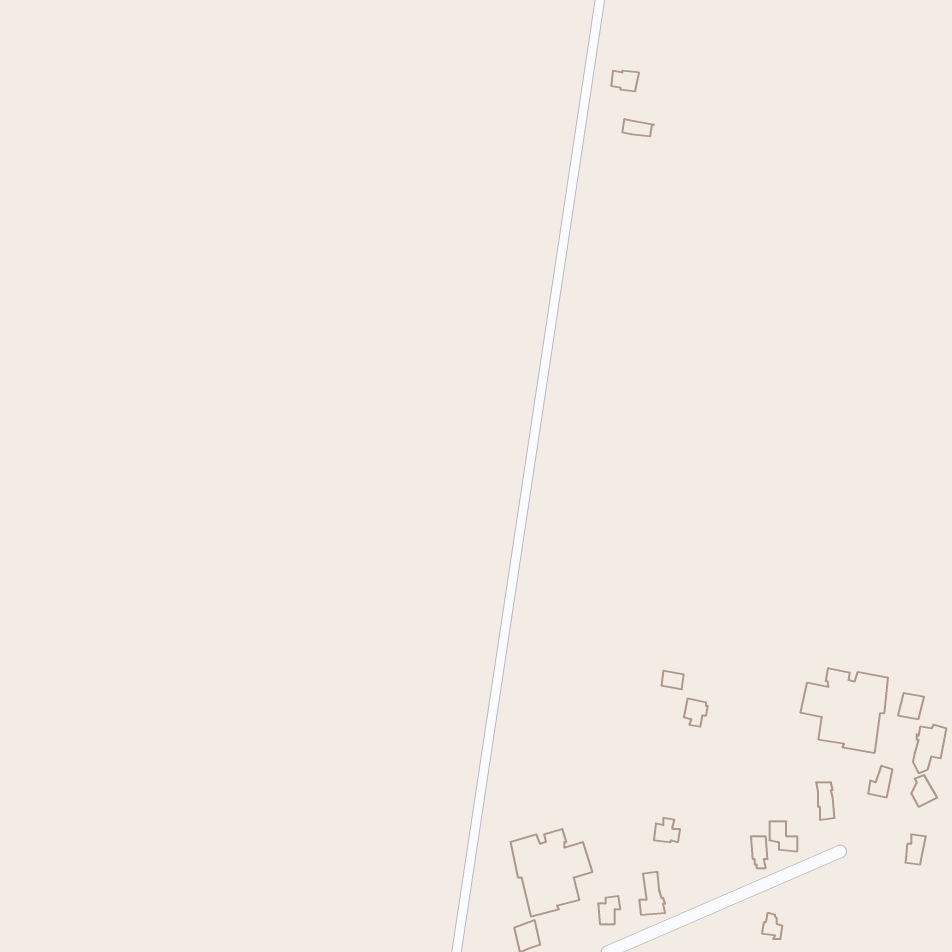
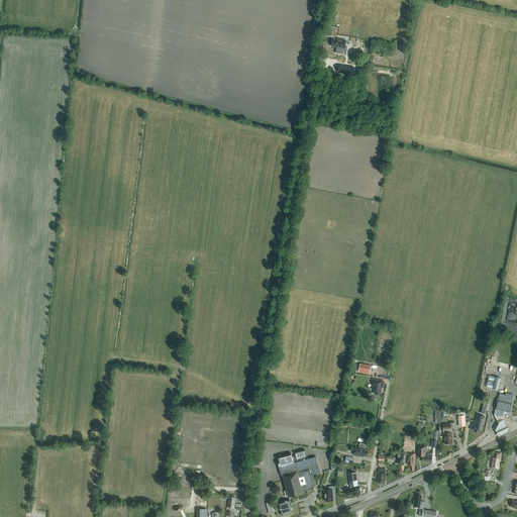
building: [801,668,888,753] -> none

